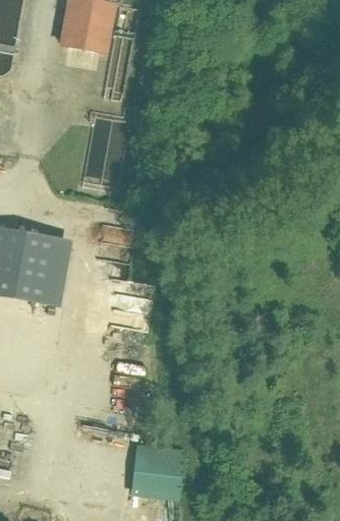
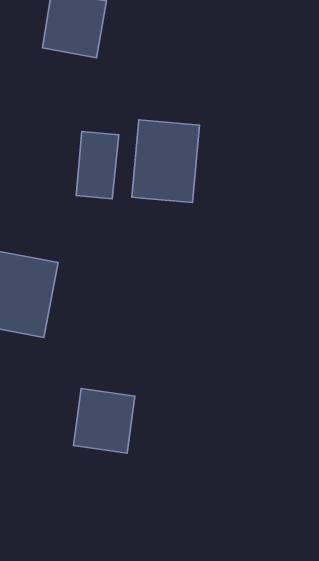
building: none -> [132,120,200,202]
building: [129,445,185,504] -> [73,388,135,453]

